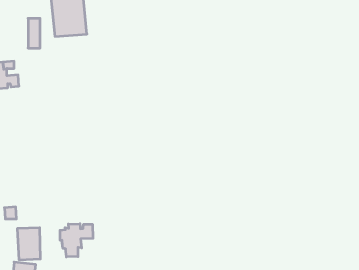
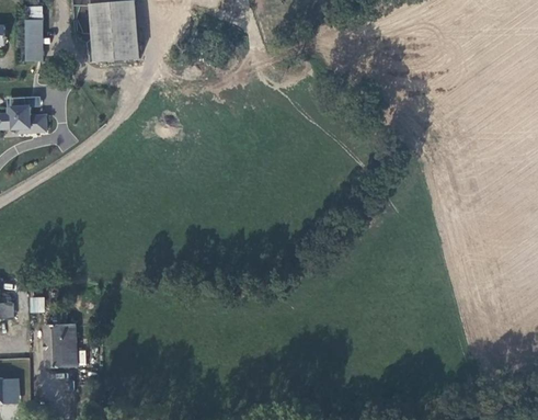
building: [28,18,40,48] -> [25,20,42,60]
building: [60,224,93,257] -> none

